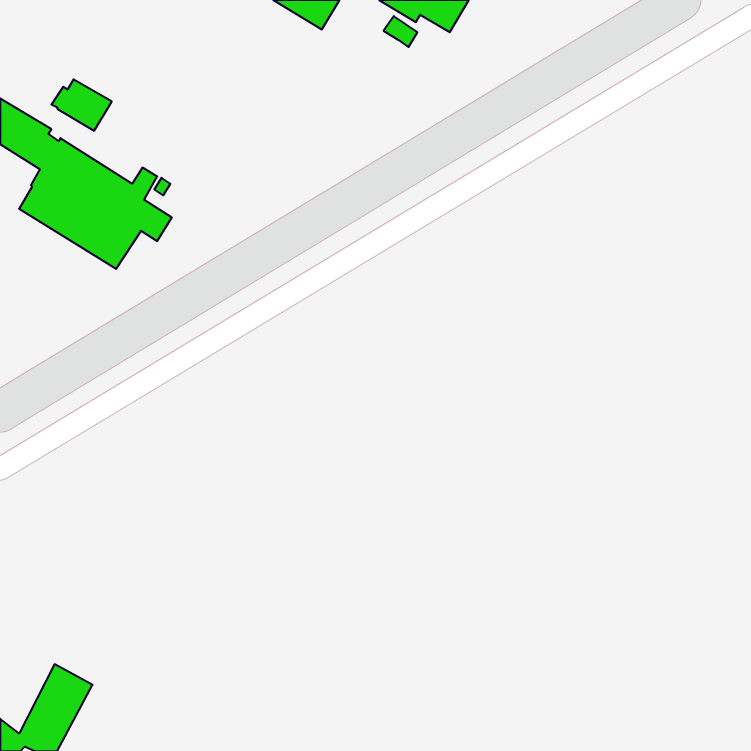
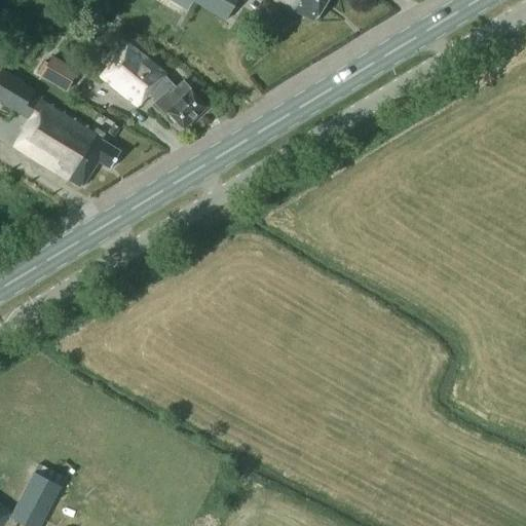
building: none -> [101,43,206,129]

